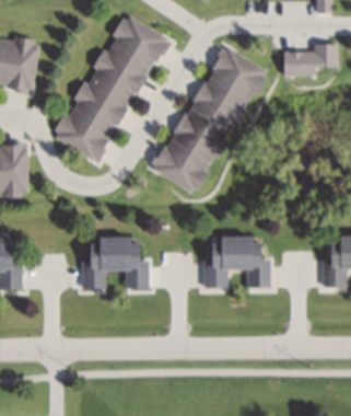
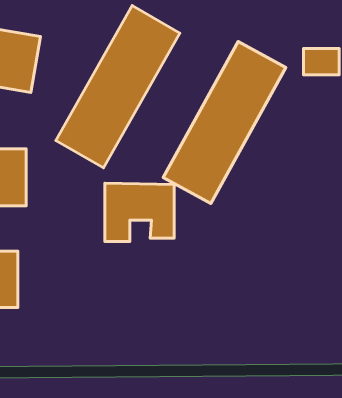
building: [84,238,148,291] -> [105,183,174,242]
building: [207,238,267,290] -> none

